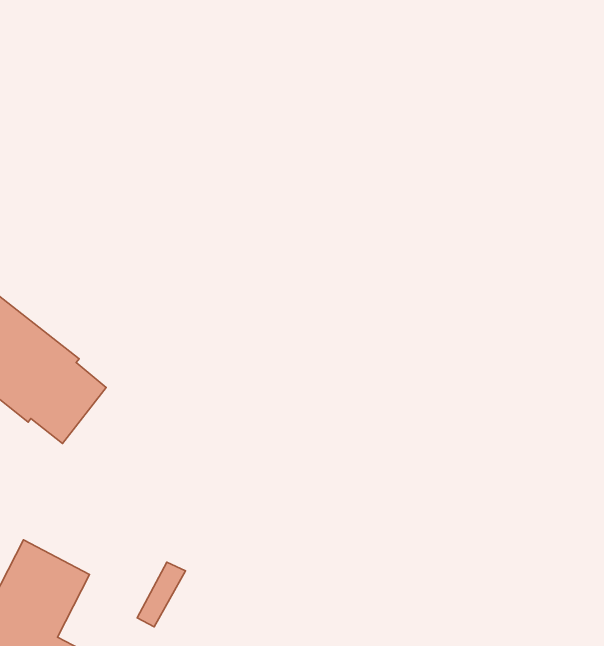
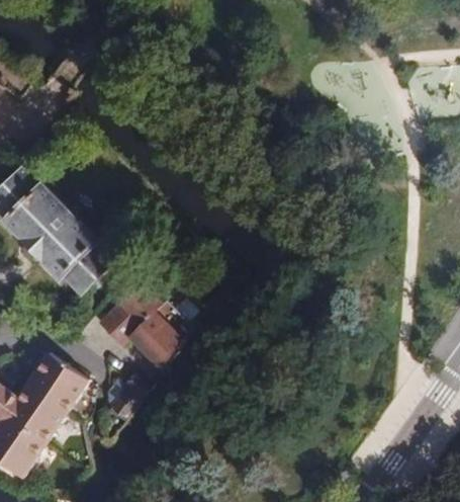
building: none -> [98,281,189,368]

